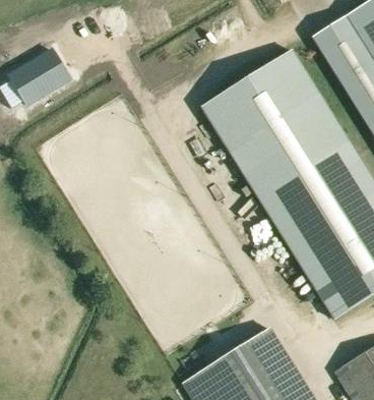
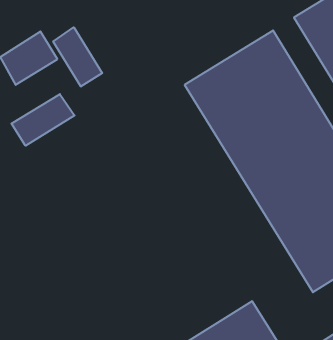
building: none -> [53,27,102,87]
building: none -> [11,94,75,146]

